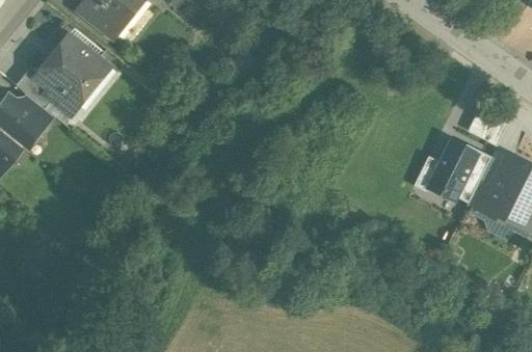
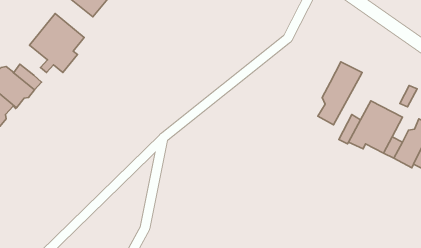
building: [15,65,60,108] -> none
building: none -> [318,62,362,125]

